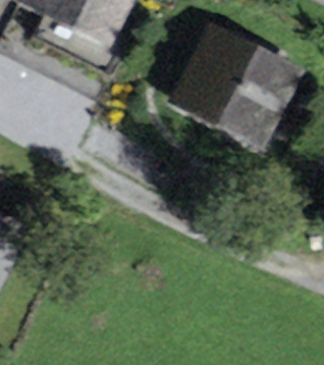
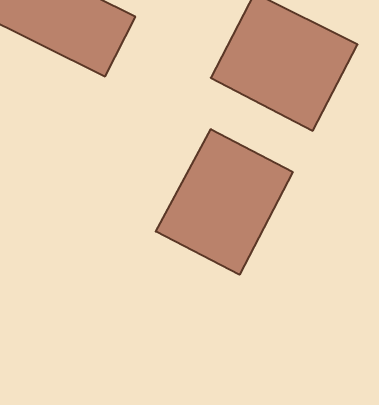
building: none -> [156,129,293,275]

